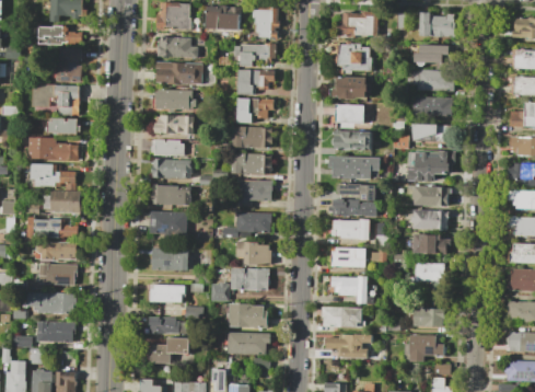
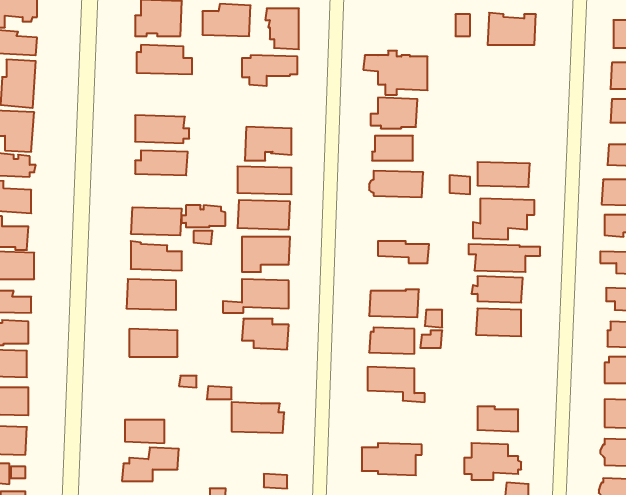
building: [338,12,379,36] -> none
building: [416,44,450,61] -> none
building: [156,62,203,84] -> none
building: [240,70,276,95] -> none
building: [414,70,455,91] -> none
building: [412,96,453,116] -> none
building: [152,139,185,155] -> [182,205,225,227]
building: [329,155,379,178] -> none
building: [332,199,376,217] -> none
building: [414,262,445,280] -> none
building: [231,268,269,290] -> none
building: [150,284,184,302] -> none
building: [322,307,364,328] -> none
building: [222,333,269,354] -> none

